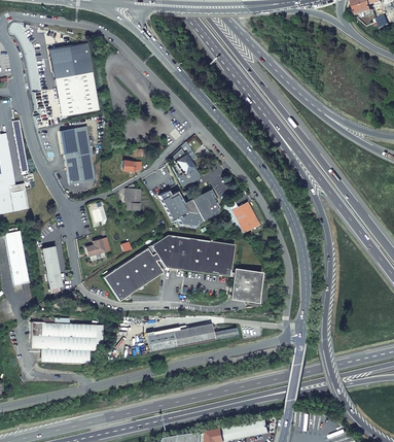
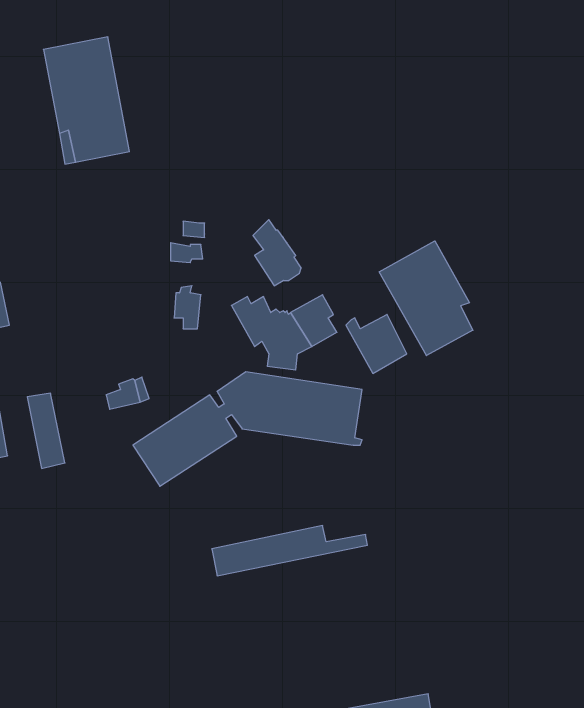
building: [61,125,97,183] -> none
building: none -> [379,241,473,356]
building: [229,268,259,302] -> none
building: [31,321,97,364] -> none

